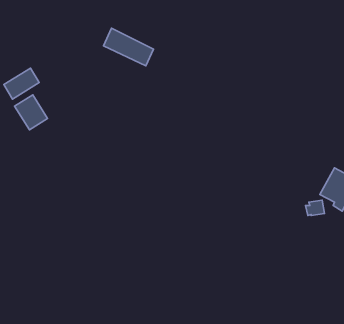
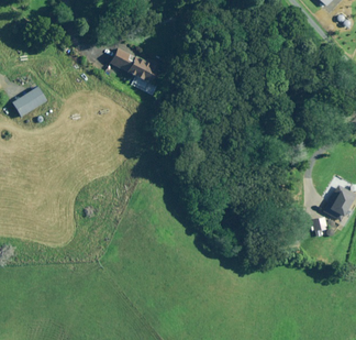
building: [15,95,48,130] -> none

